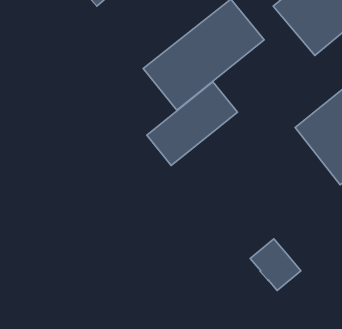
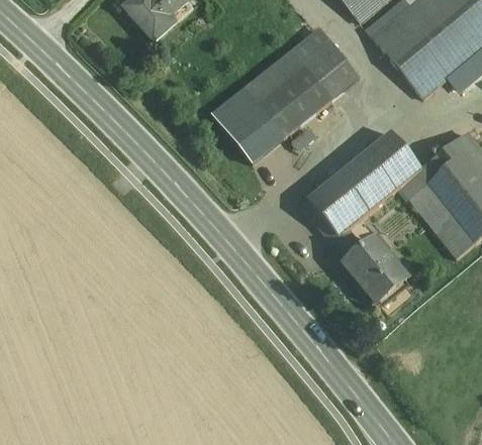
building: [147,82,237,165] -> [307,131,419,234]
building: [250,239,301,290] -> [344,239,406,303]

